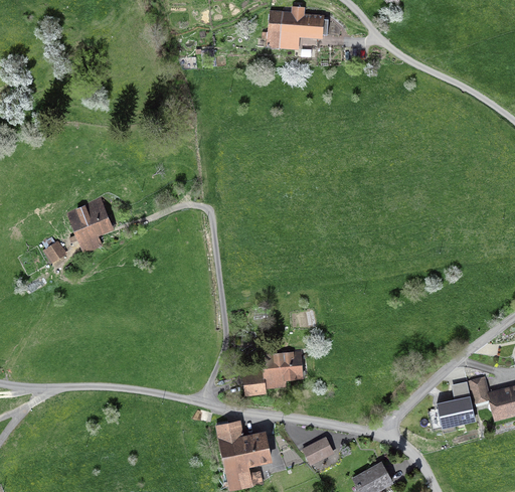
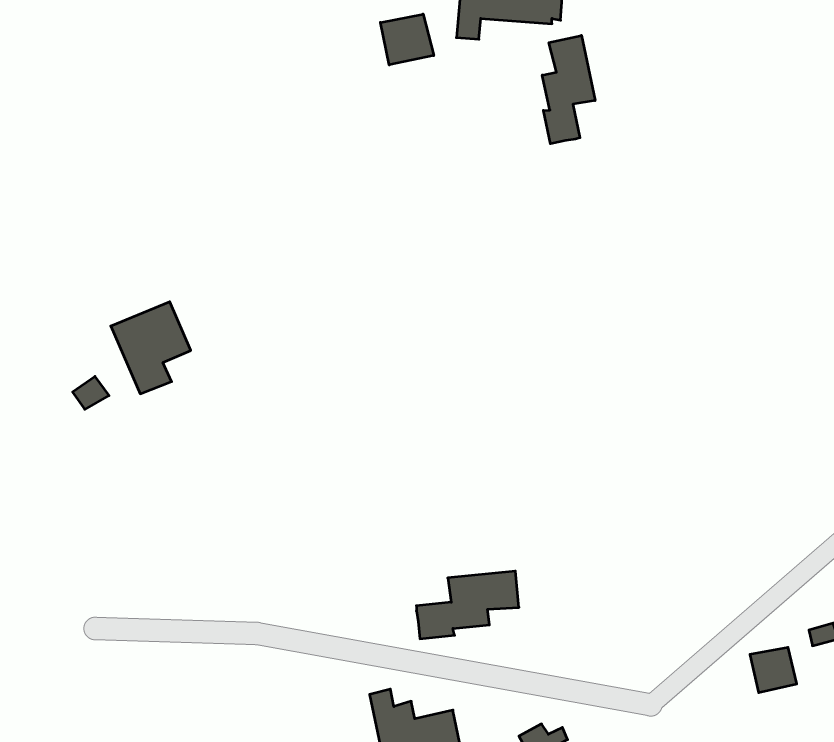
building: none -> [380,14,434,65]
building: none -> [542,35,595,144]

